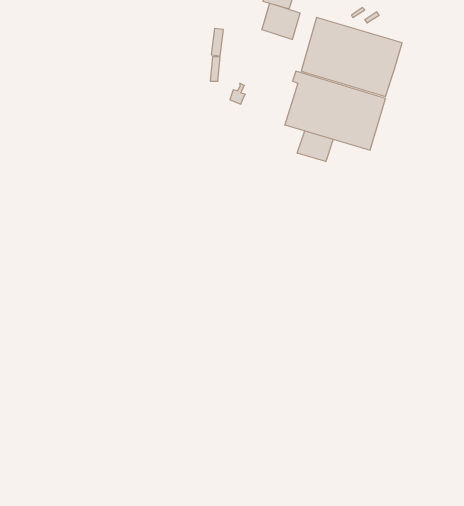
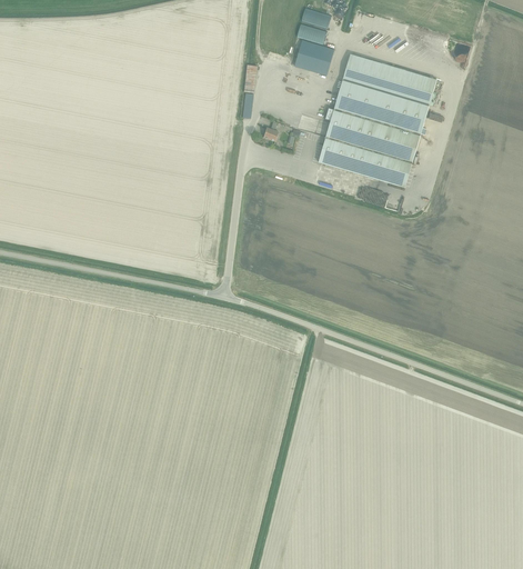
building: [297,131,333,162] -> none

